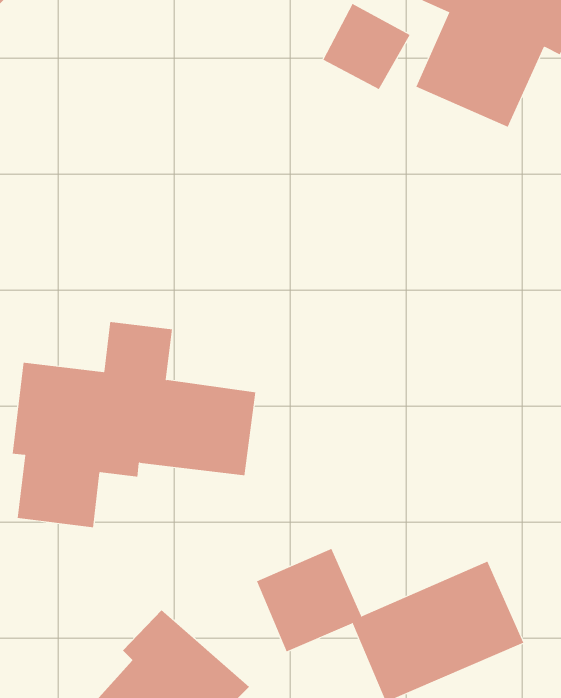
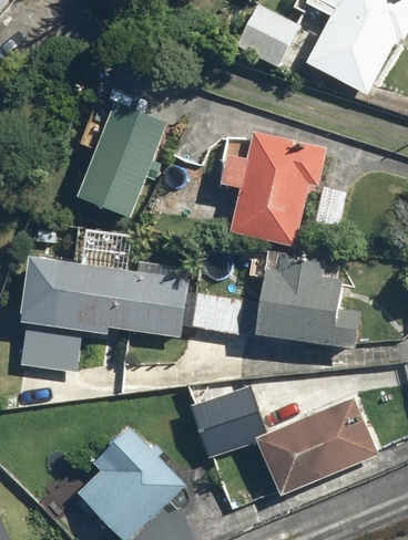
building: none -> [80,98,166,215]
building: none -> [216,132,326,242]
building: none -> [258,255,361,346]

